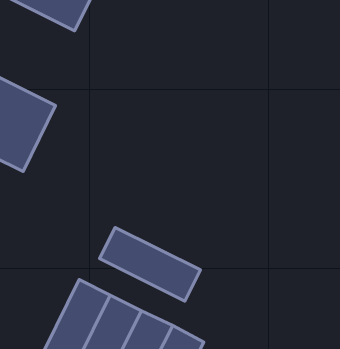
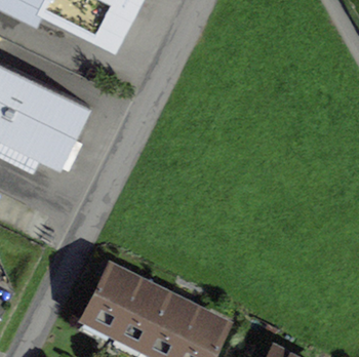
building: [100,227,200,301] -> none

